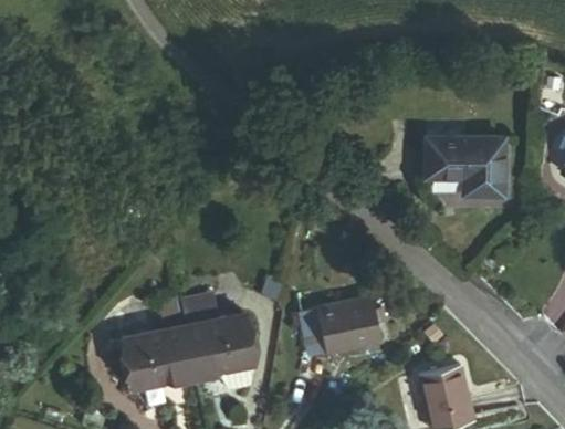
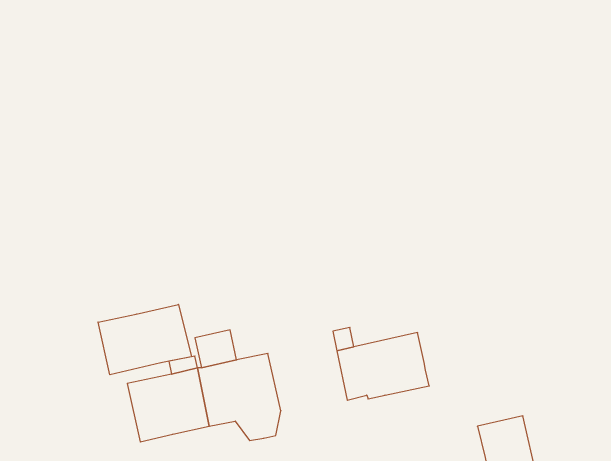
building: [425,139,504,197] -> none
building: none -> [98,304,191,375]

